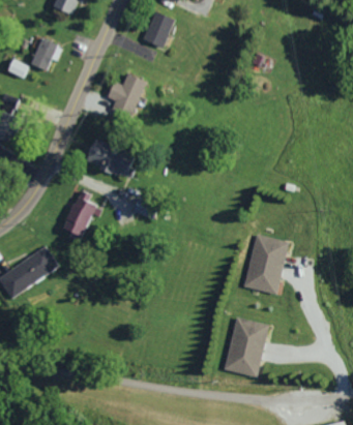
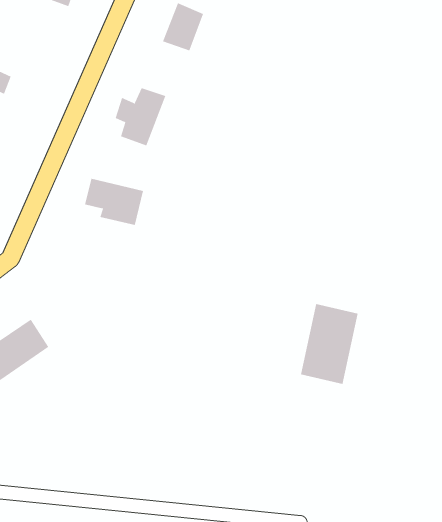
building: [31,38,63,71] -> none
building: [61,190,95,238] -> none
building: [224,317,268,377] -> none

